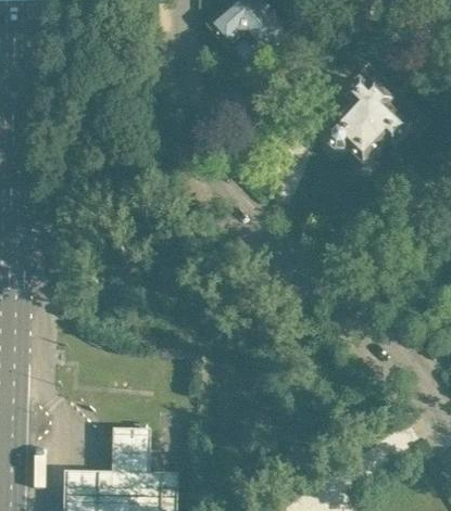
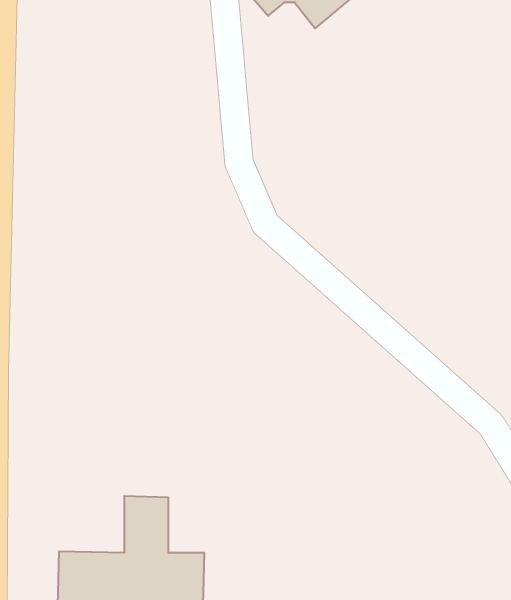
building: [327,85,410,169] -> none

